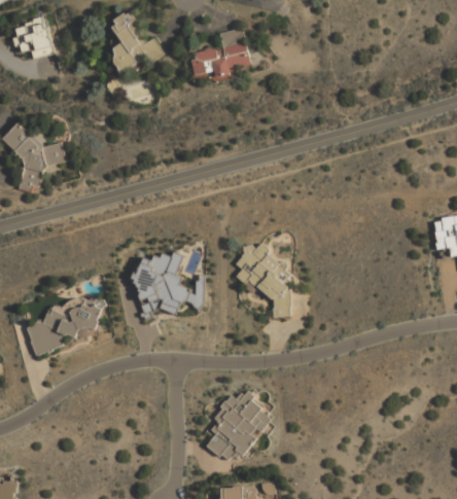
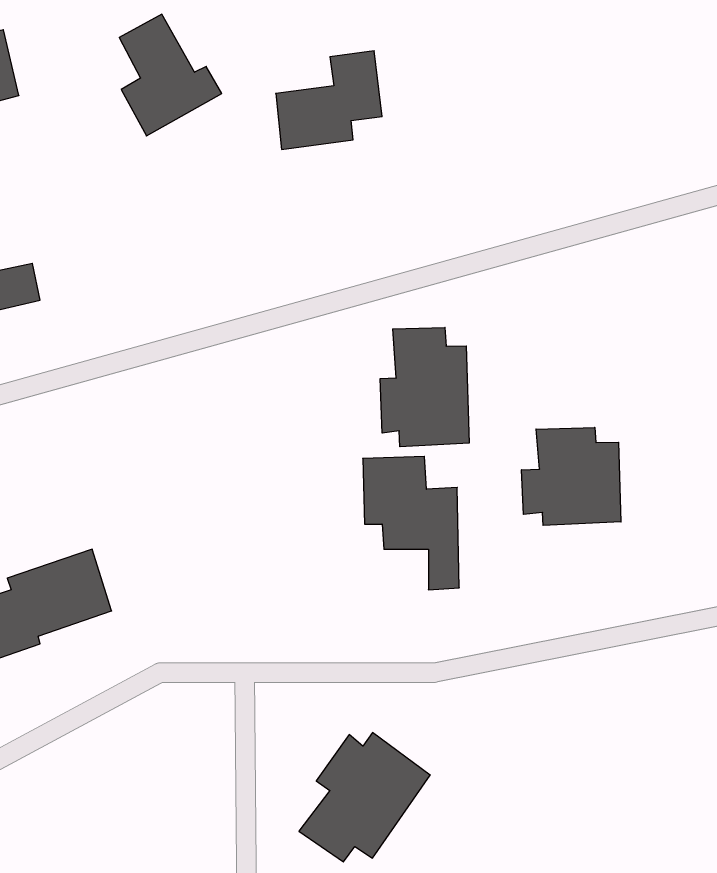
building: none -> [380,327,469,447]
building: none -> [522,427,621,525]
building: [131,252,203,320] -> none

